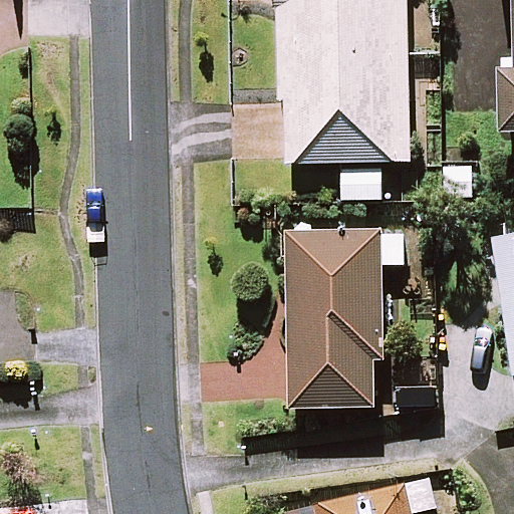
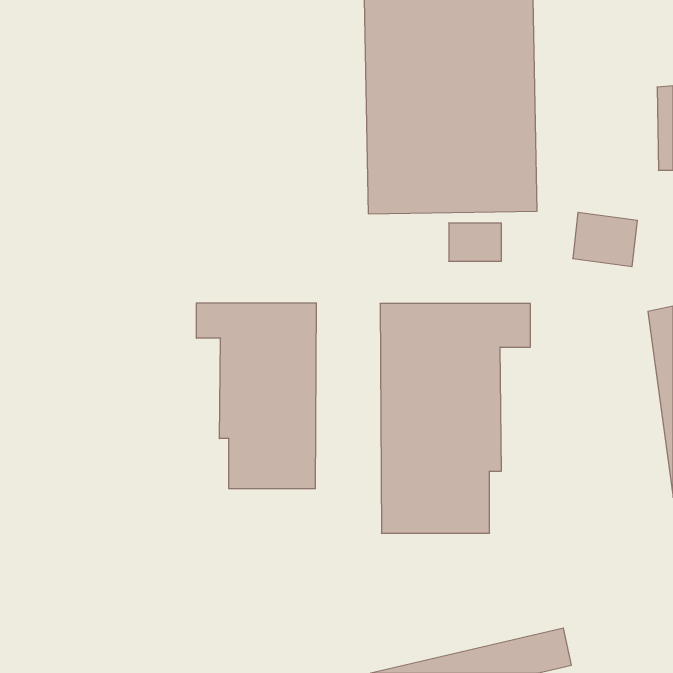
building: none -> [196,303,316,489]

